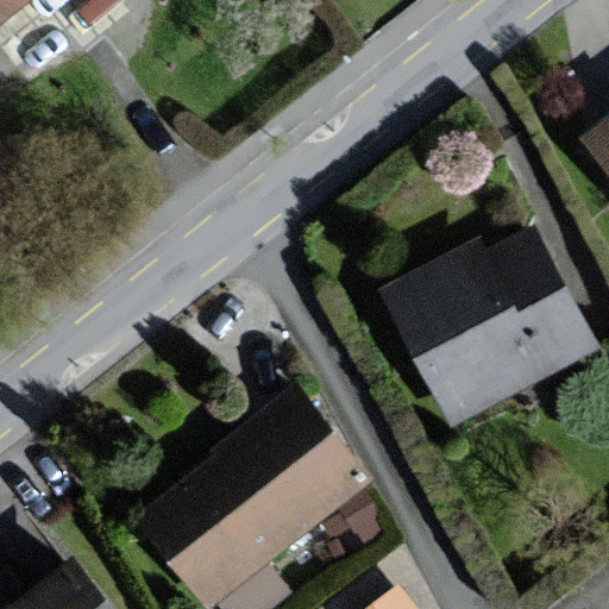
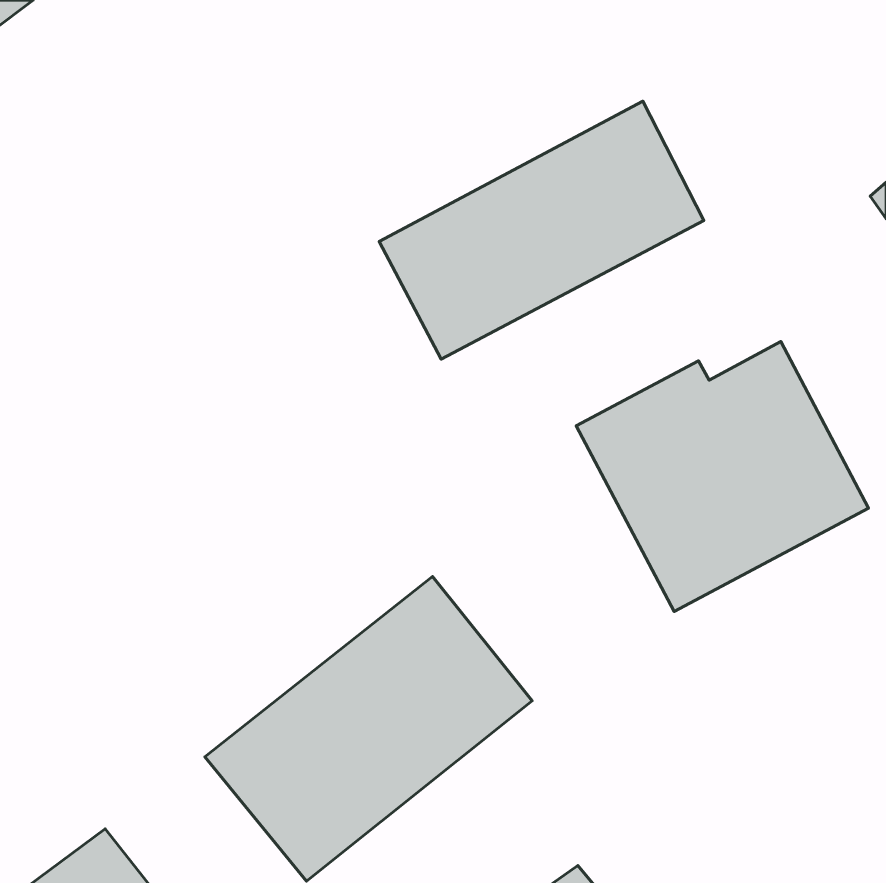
building: none -> [379,101,704,359]

